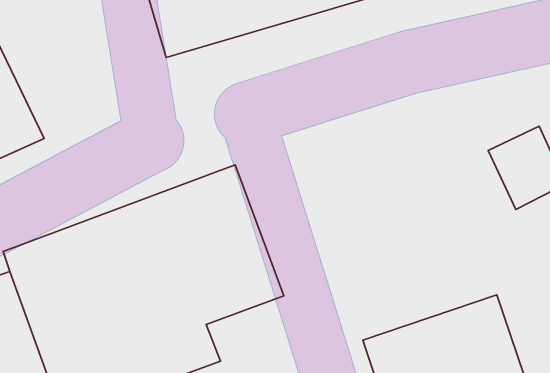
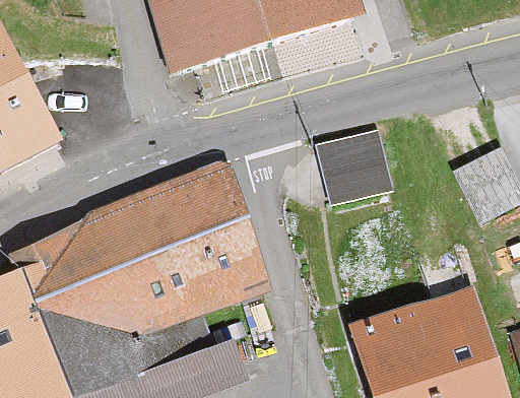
building: none -> [318,130,392,200]

